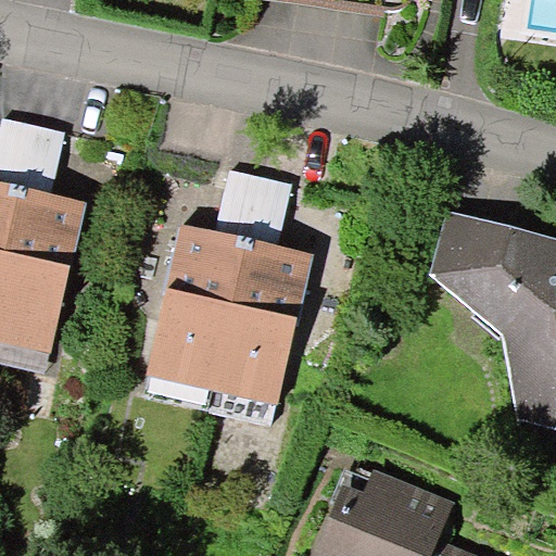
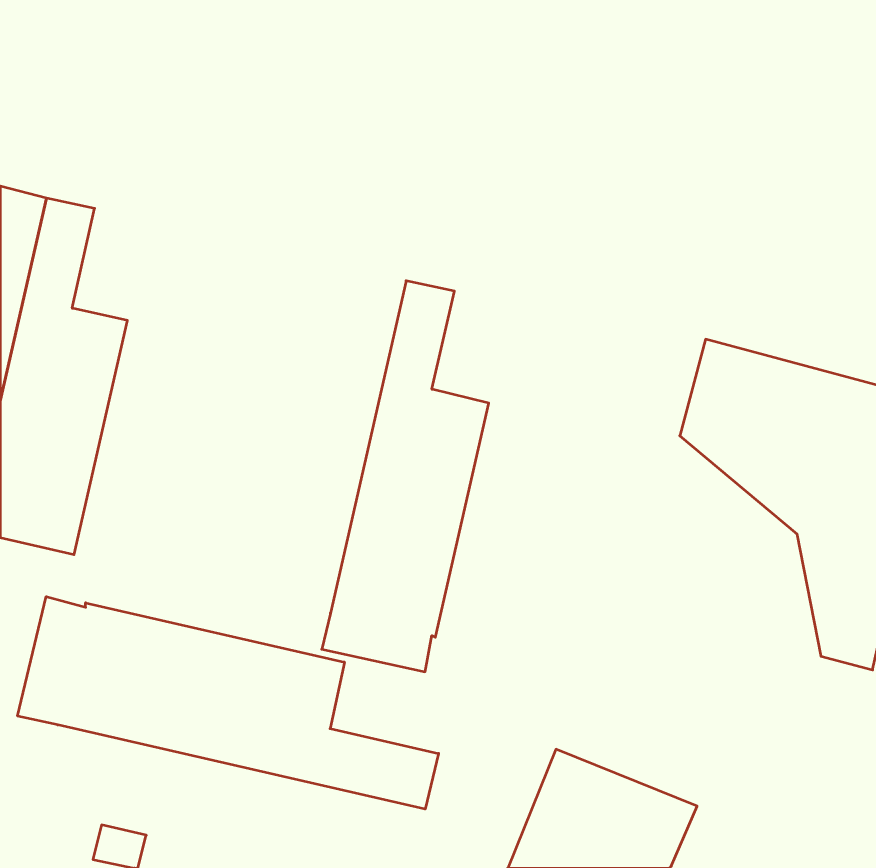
building: [146,169,258,387] -> none
building: none -> [18,597,439,809]

